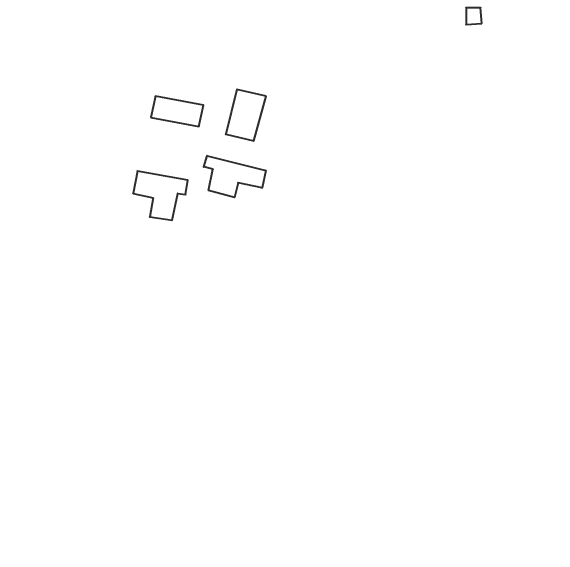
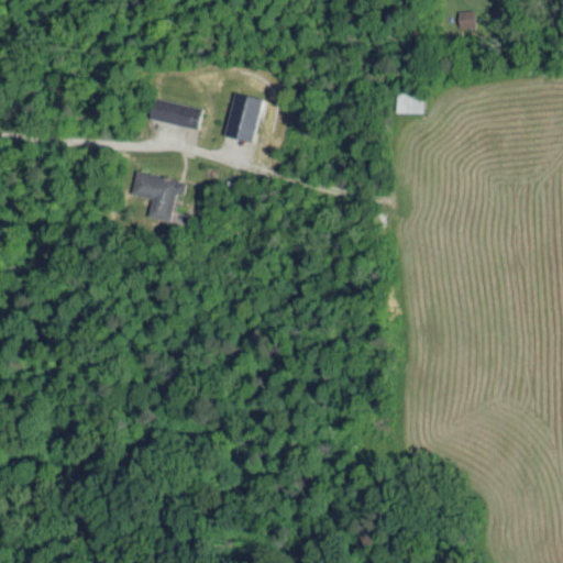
building: none -> [396,93,424,113]
building: [204,156,266,197] -> none

